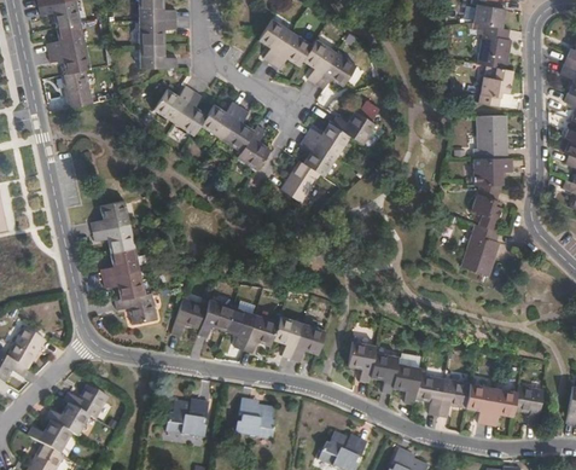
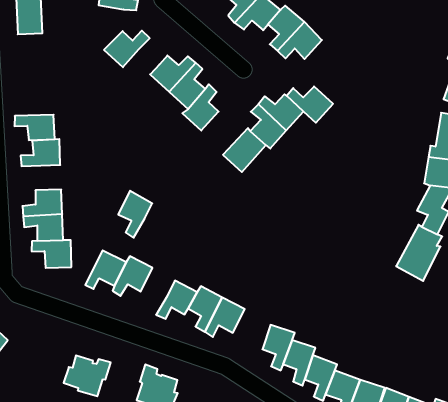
building: [173,91,206,135] -> none
building: [93,224,134,251] -> [14,115,55,140]
building: [225,306,255,349] -> [118,191,152,238]

